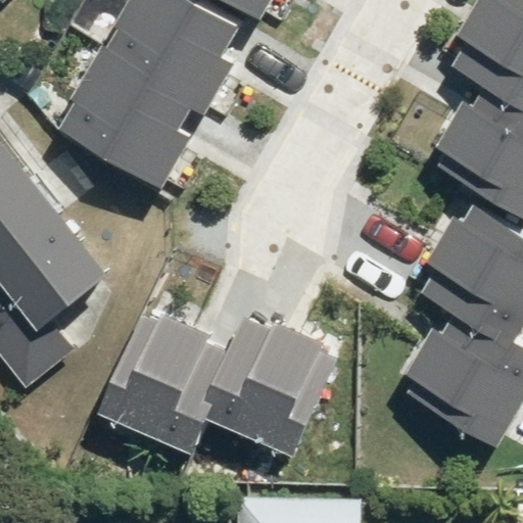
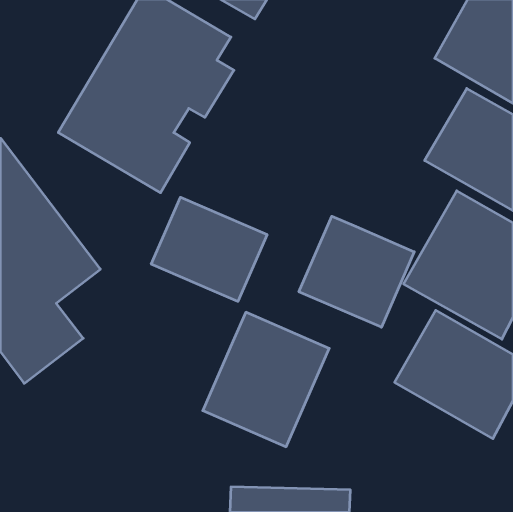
building: none -> [151,197,267,301]
building: none -> [299,216,414,327]
building: [99,307,237,453] -> none

